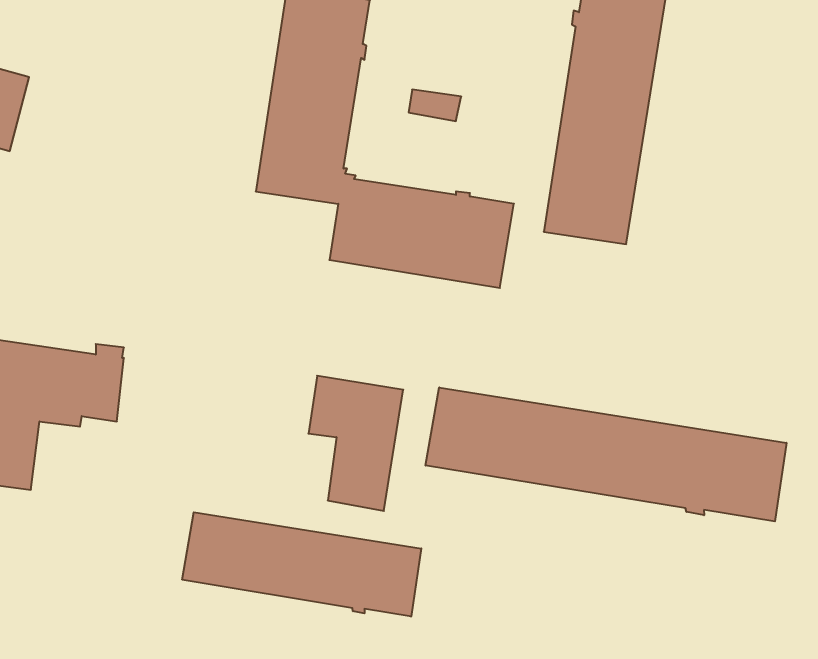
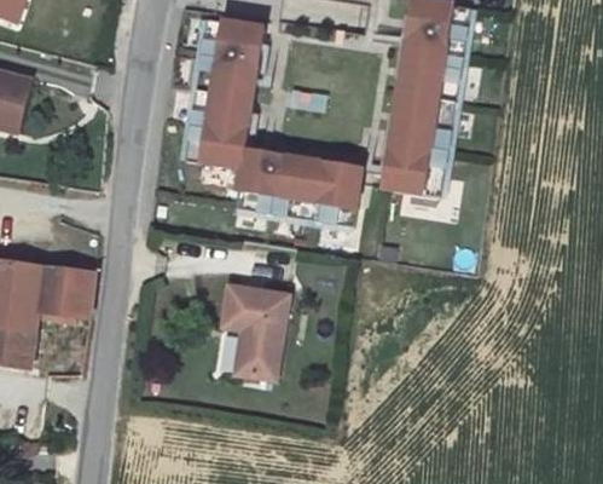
building: [426,387,786,521] -> none
building: [182,512,421,617] -> none

